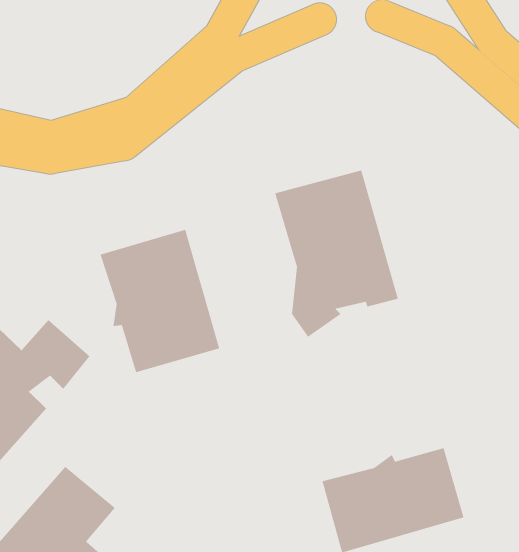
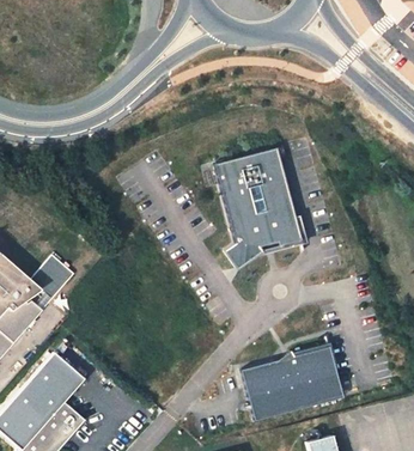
building: [100,229,220,373] -> none

